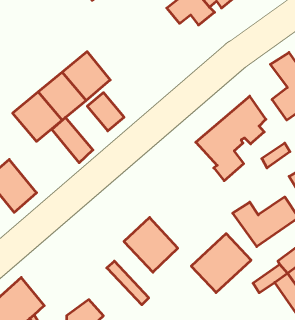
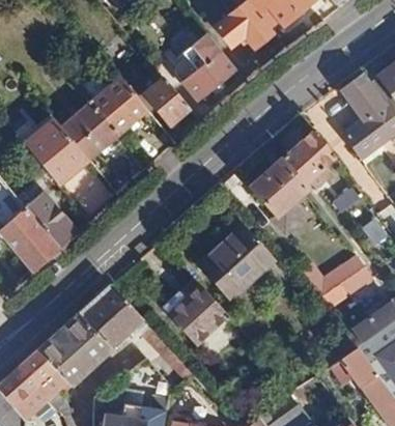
building: none -> [177,34,235,97]
building: [87,93,124,131] -> [144,77,189,123]
building: [52,117,93,163] -> [24,193,74,248]
building: none -> [38,285,144,388]
building: [191,234,251,293] -> [201,229,274,301]

